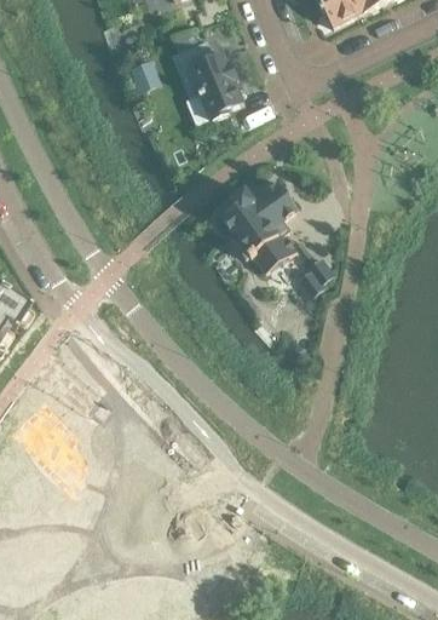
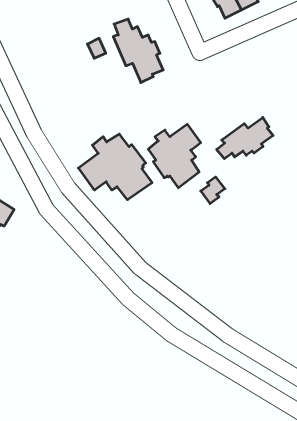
building: none -> [217,117,273,159]
building: none -> [78,134,152,200]

